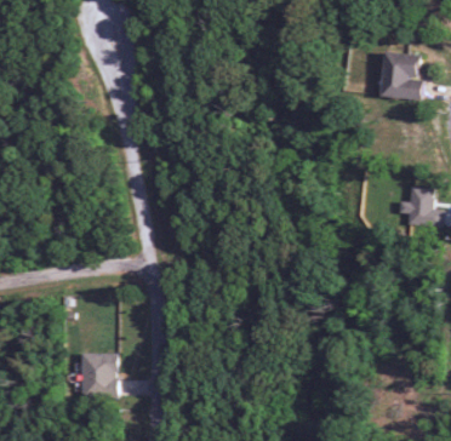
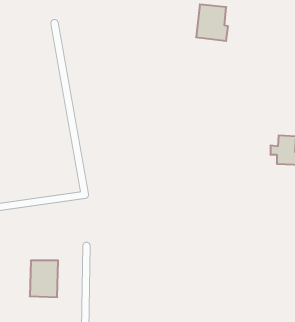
building: [377,51,419,99] -> [196,4,228,41]

